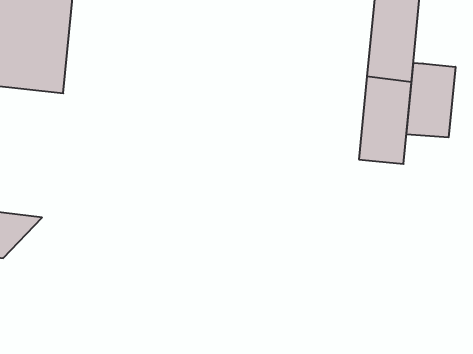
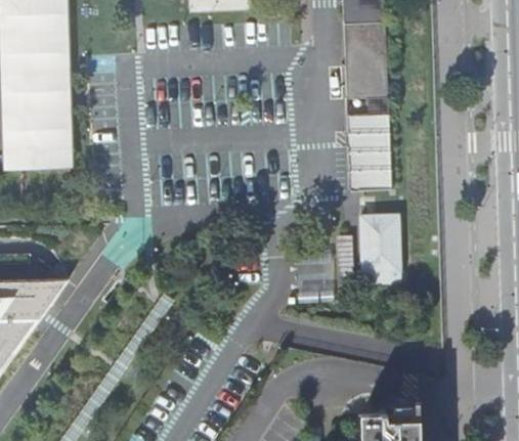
building: [406,63,455,137] -> none
building: none -> [356,219,396,291]

